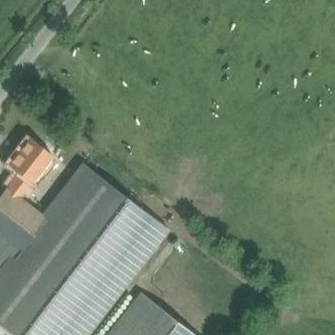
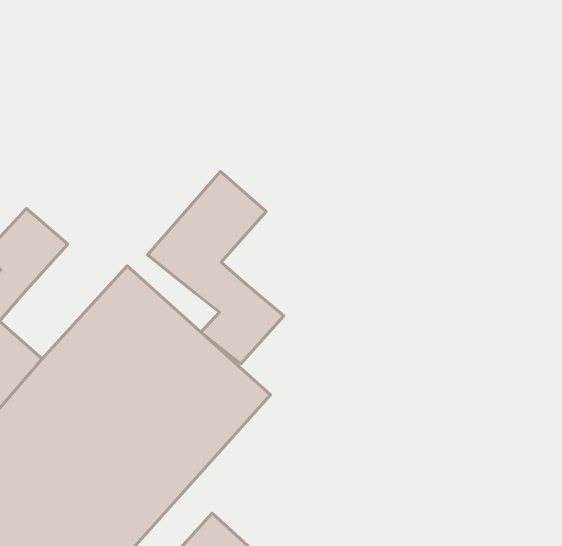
building: none -> [147,171,284,364]

